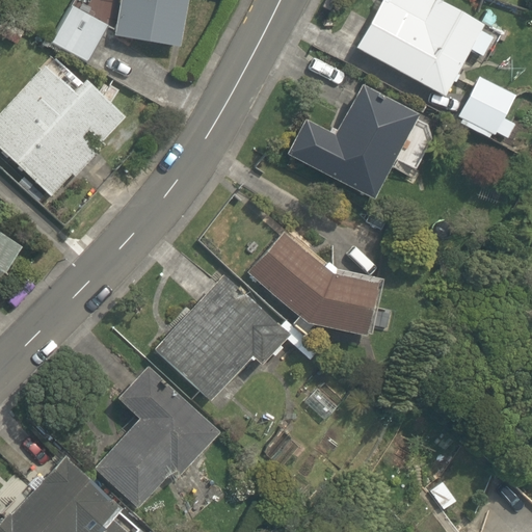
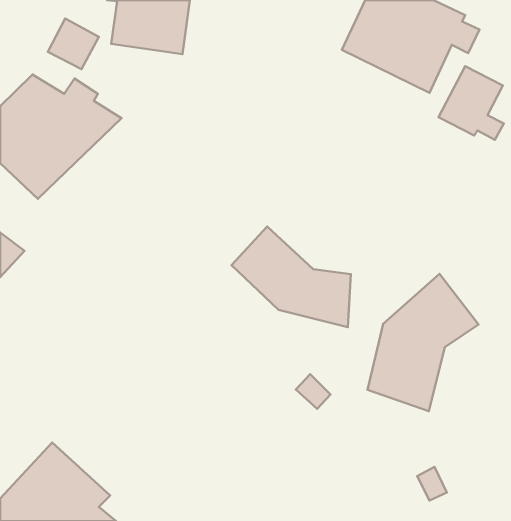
building: [289,80,415,194] -> none
building: [153,273,284,397] -> none
building: none -> [368,274,478,411]
building: [97,362,220,502] -> none

